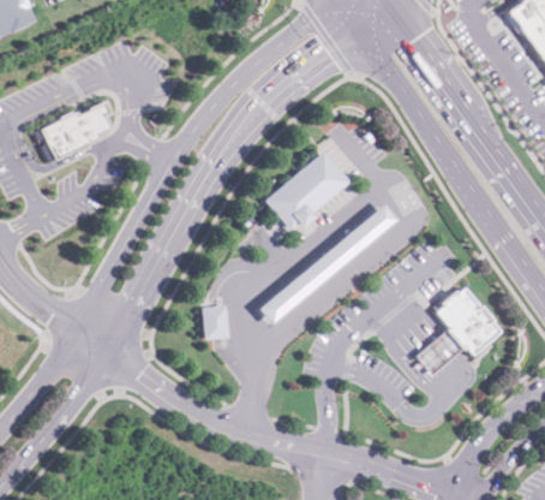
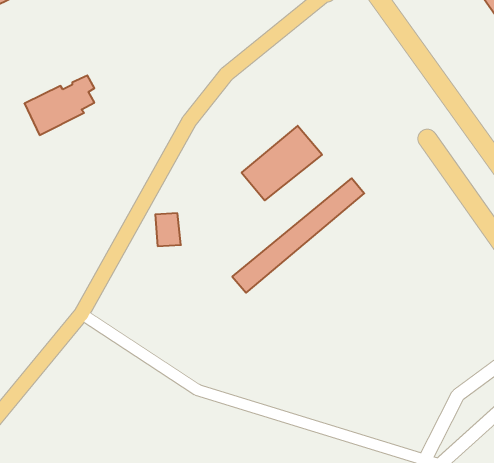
building: [411,287,497,375] -> none
building: [203,305,229,339] -> [155,213,181,246]

